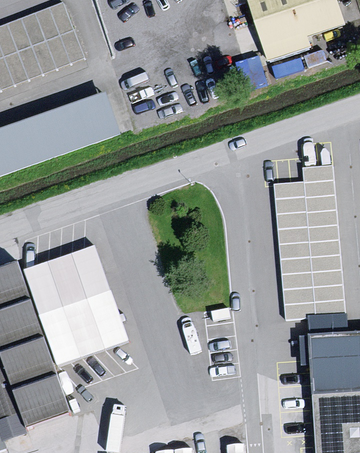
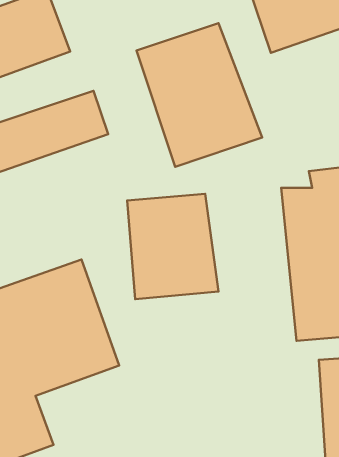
building: none -> [137,23,262,167]
building: none -> [127,194,219,299]

